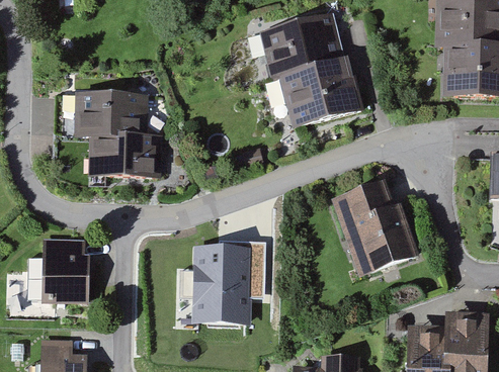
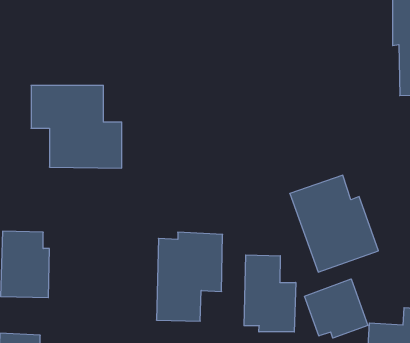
building: [256,15,362,131] -> none
building: none -> [244,255,296,332]
building: none -> [305,279,368,338]

